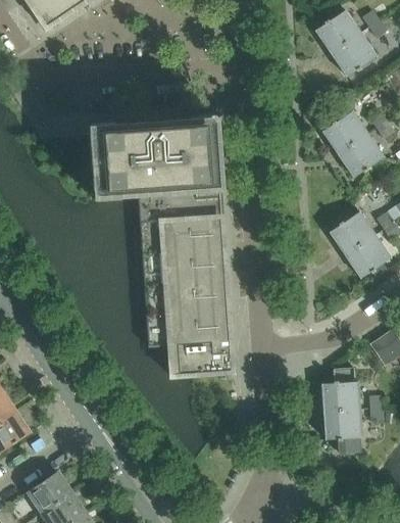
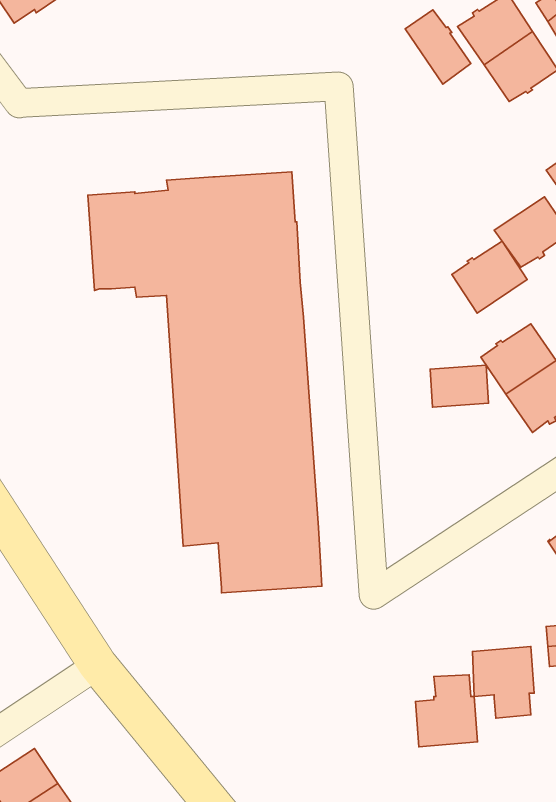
building: none -> [405,10,471,84]
building: [322,110,368,154] -> [452,241,527,313]
building: none -> [430,365,489,407]
building: [322,368,360,412] -> [416,675,477,747]

